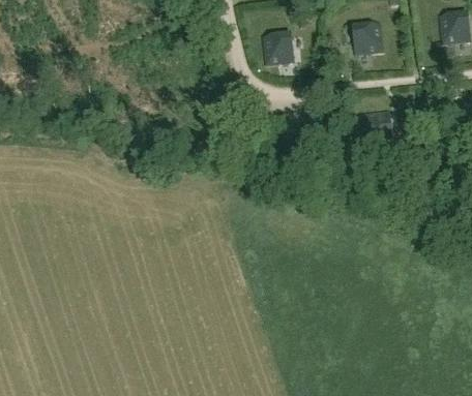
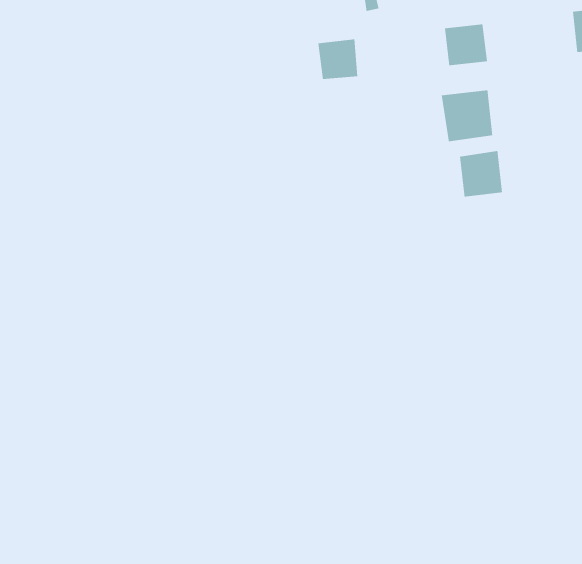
building: none -> [441,90,493,142]

